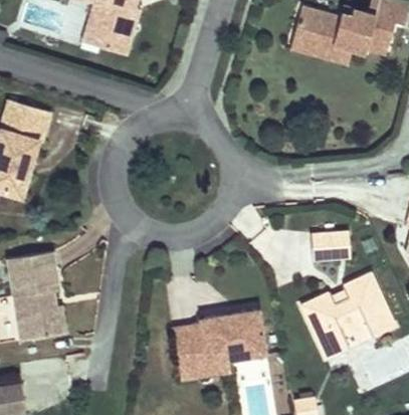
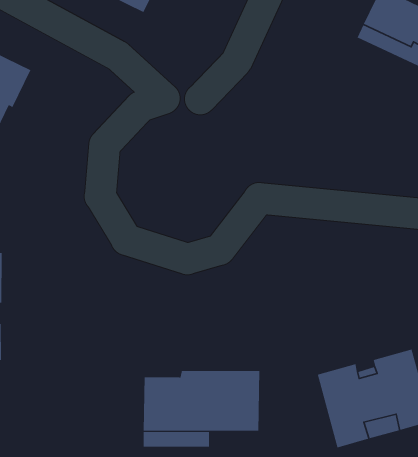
building: [311,230,350,260] -> none

